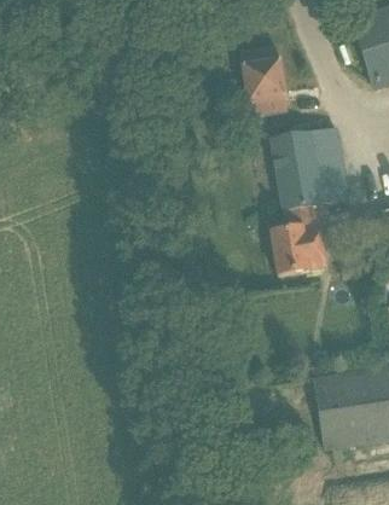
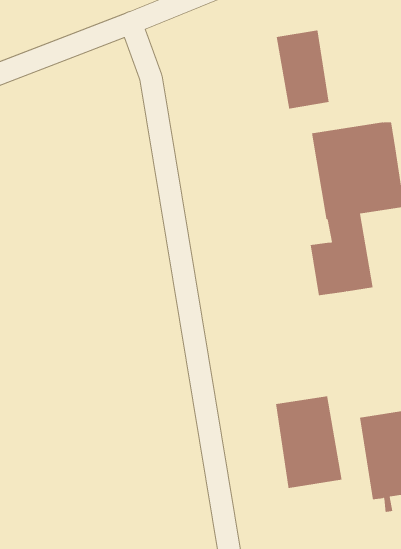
building: none -> [276,395,342,489]

